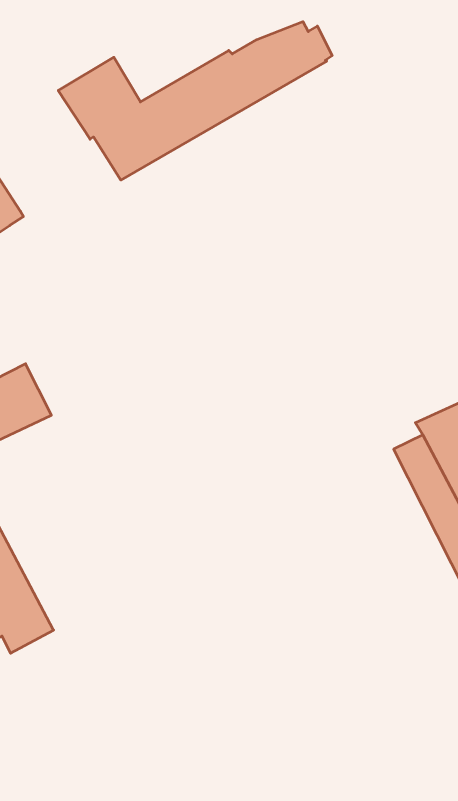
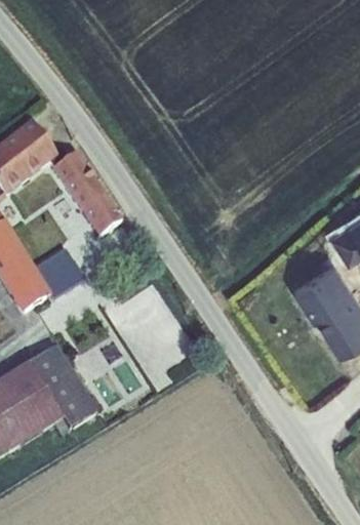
building: [58,22,332,180] -> none
building: none -> [50,148,121,234]

